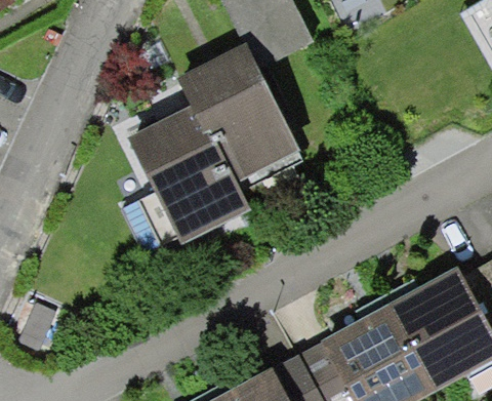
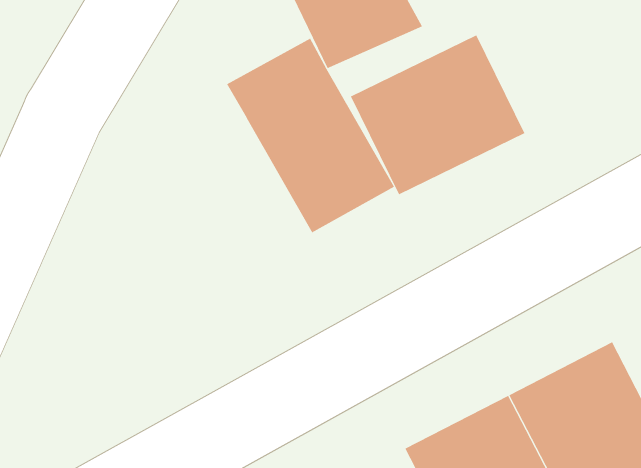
building: none -> [350,35,525,195]
building: [130,105,252,247] -> none

